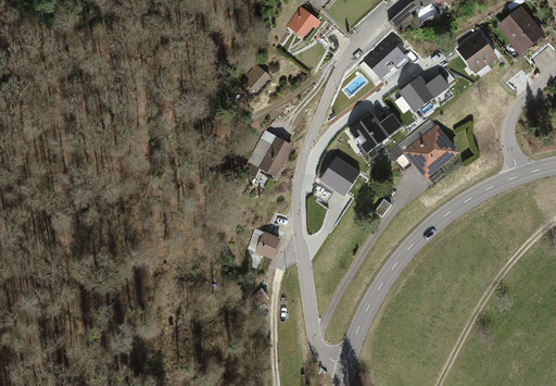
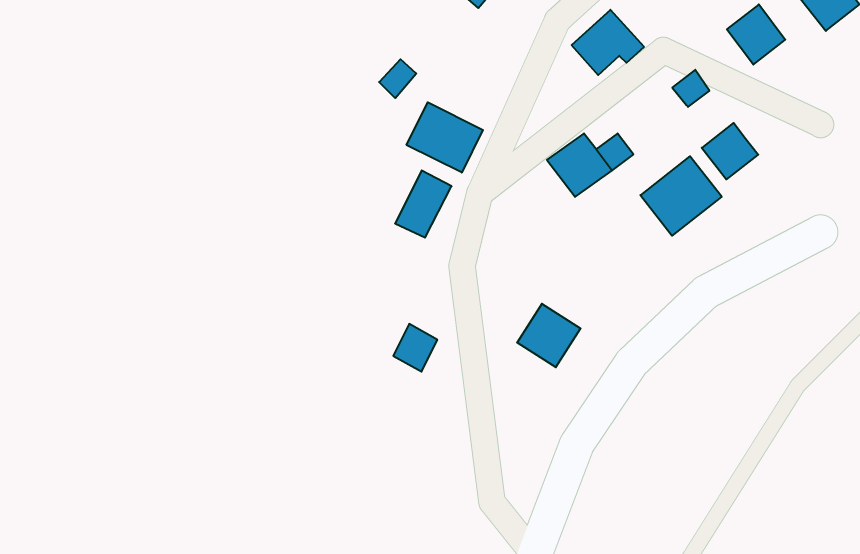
building: [400,76,434,111] -> [702,123,758,179]
building: none -> [407,102,483,173]
building: [320,155,359,195] -> [517,304,581,367]

